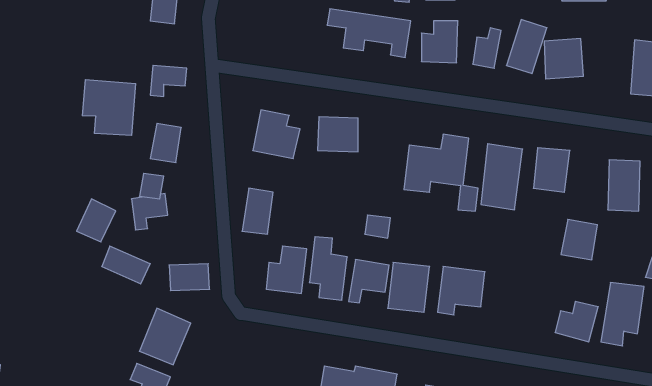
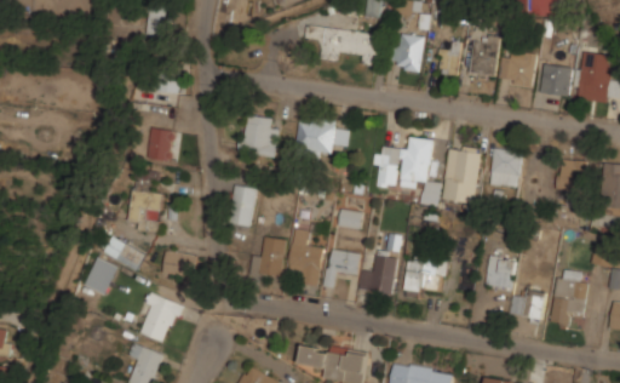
building: none -> [541,63,573,96]
building: [82,80,136,135] -> none
building: [77,199,116,242] -> [85,256,120,295]
building: [561,219,597,260] -> [484,255,517,291]

